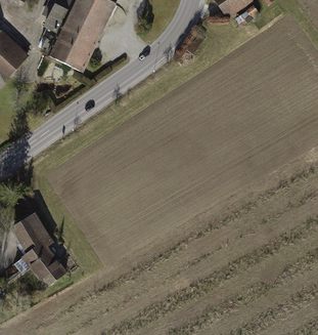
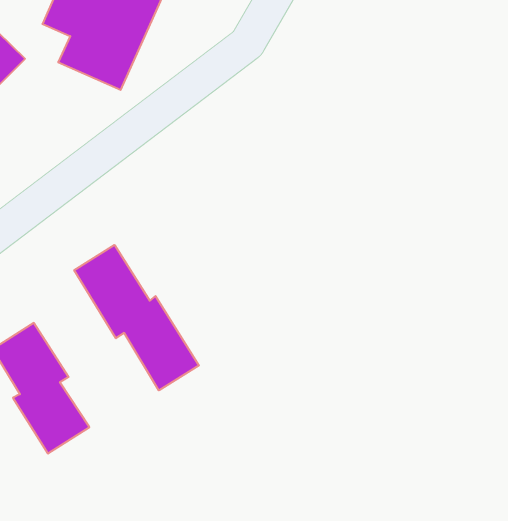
building: none -> [74,245,199,390]

